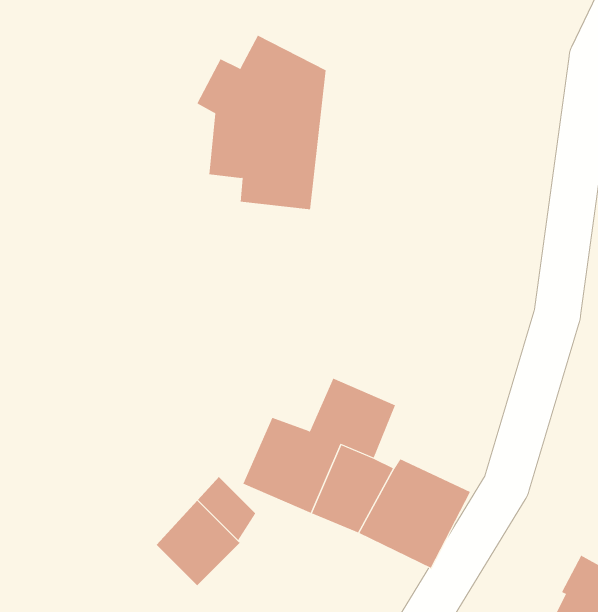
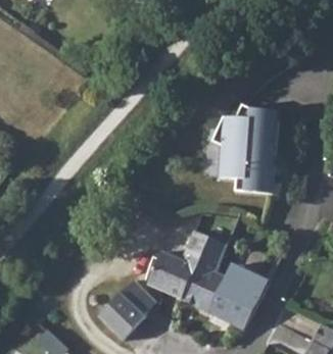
building: [197,35,326,210] -> [212,102,280,193]

